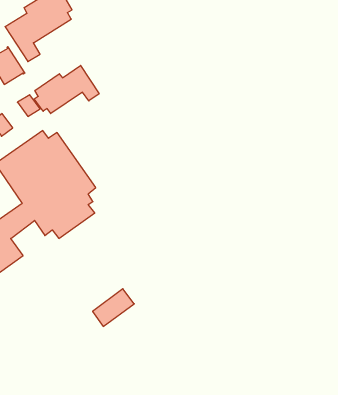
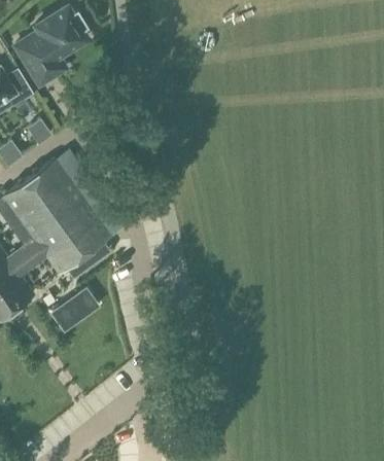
building: [34,65,99,114] -> none
building: [93,289,134,326] -> [51,290,97,331]

